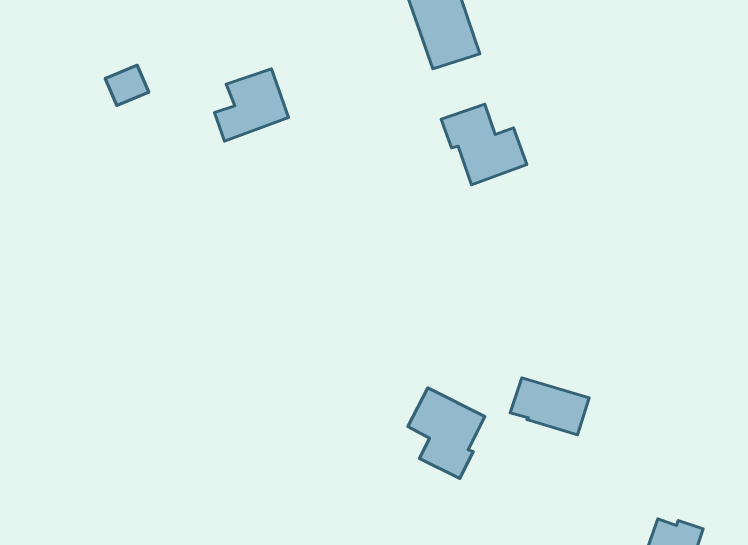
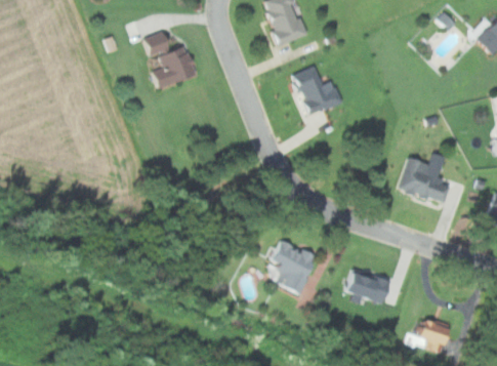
building: [105,65,149,105] -> [139,32,166,56]
building: none -> [400,156,453,203]
building: [510,378,589,435] -> [340,270,388,304]

